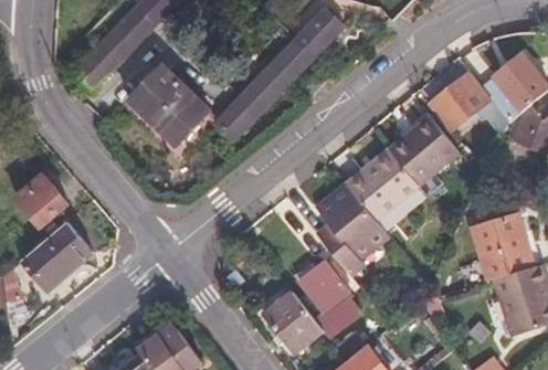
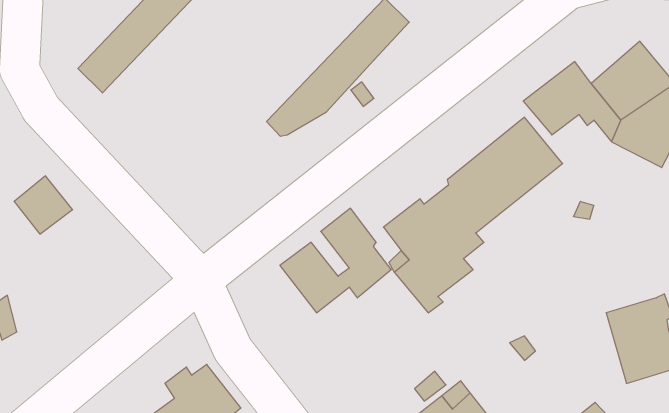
building: [127,70,204,148] -> none
building: [17,212,88,284] -> none
building: [473,213,536,277] -> none
building: [267,260,358,345] -> [280,208,391,313]

